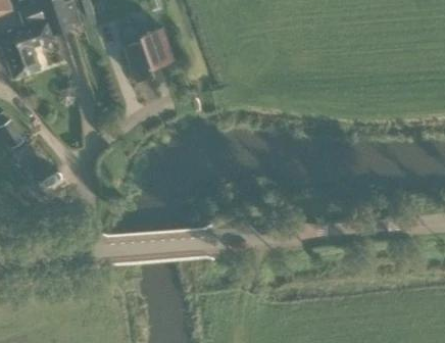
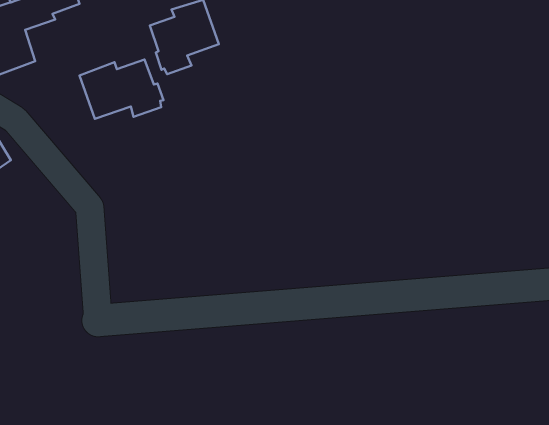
building: none -> [79,60,164,119]

